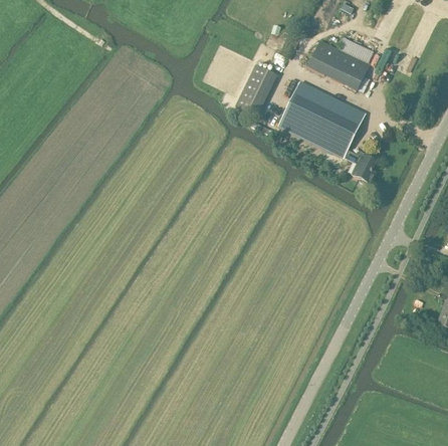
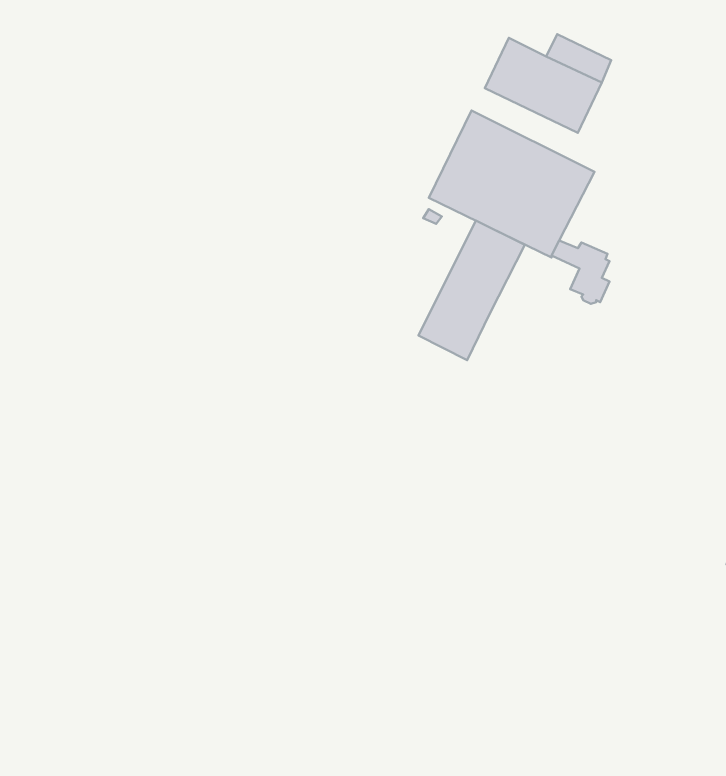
building: [235,62,276,114] -> none
building: none -> [418,221,525,360]

